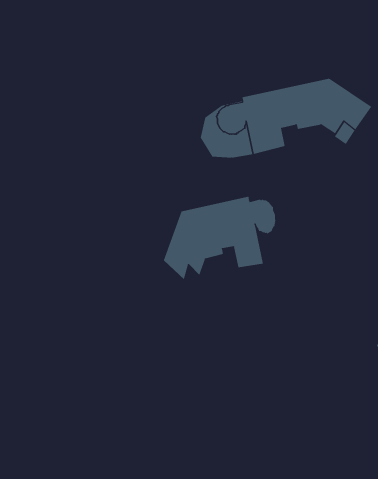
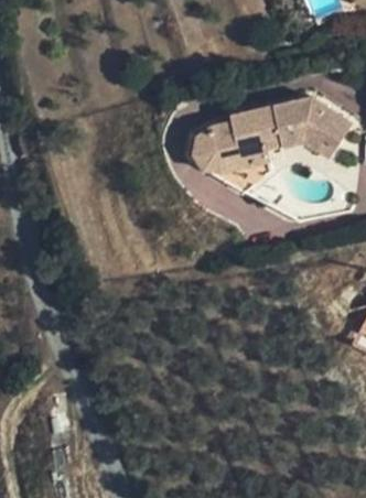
building: [163,196,276,280] -> none

